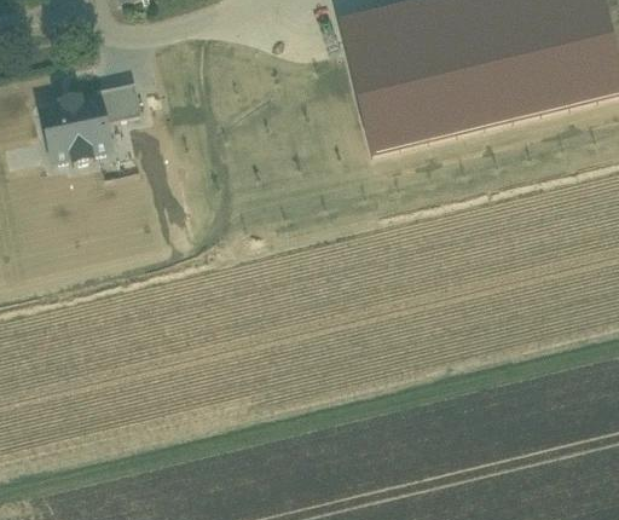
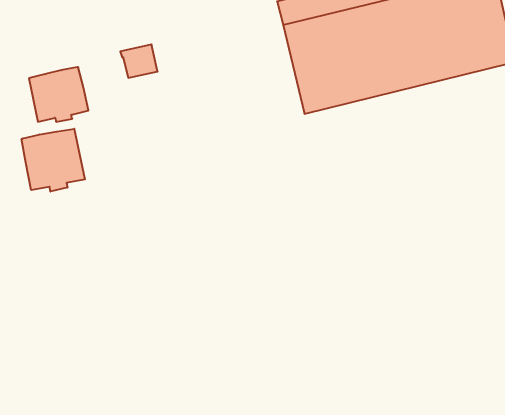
building: [97,81,141,121] -> [120,44,158,78]
building: none -> [22,129,85,192]

